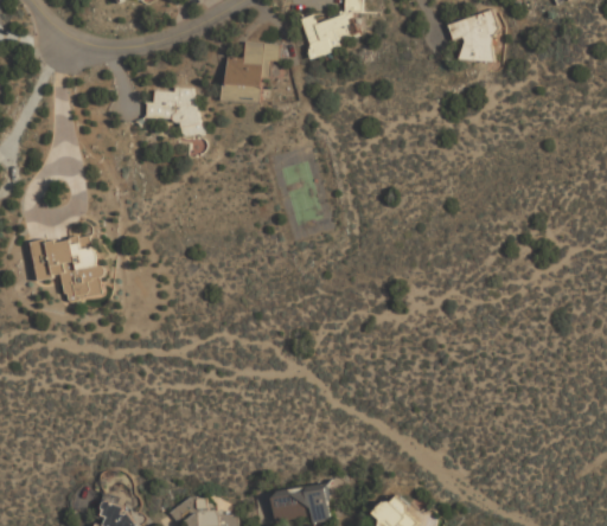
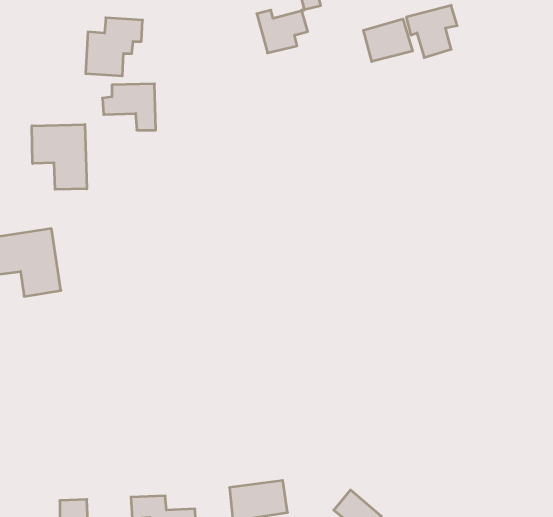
building: none -> [363,19,413,62]
building: [223,41,280,100] -> [86,18,143,76]
building: none -> [32,124,87,189]

